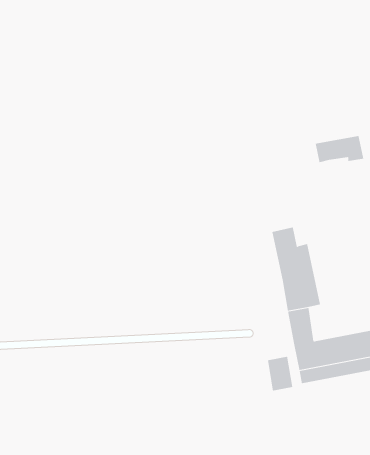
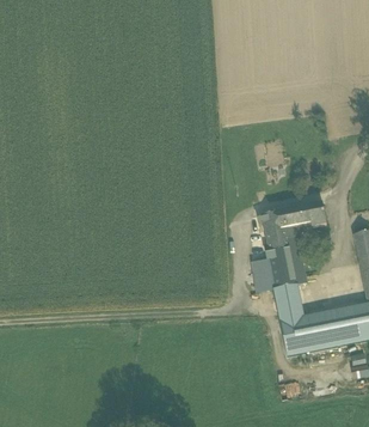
building: [315,136,364,163] -> [282,203,327,228]
building: [267,356,293,391] -> [252,260,276,292]

